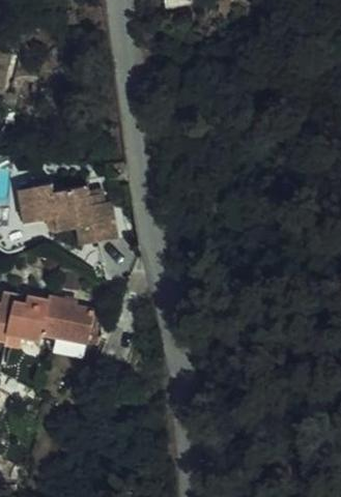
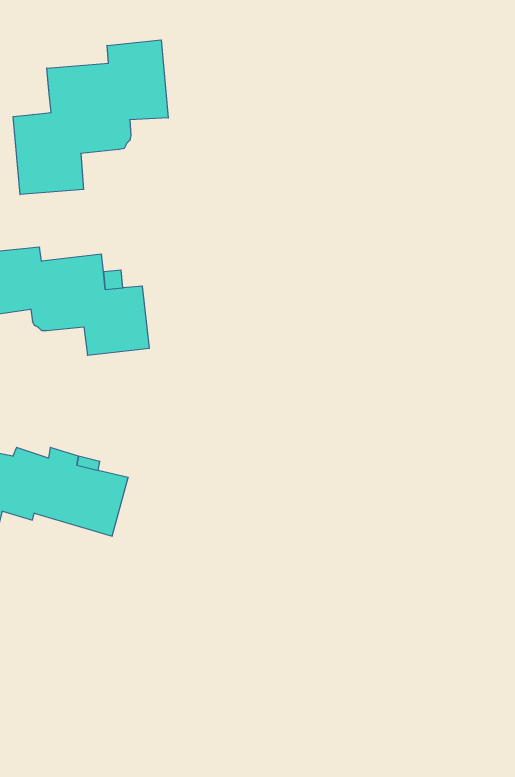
building: none -> [13,40,168,195]

